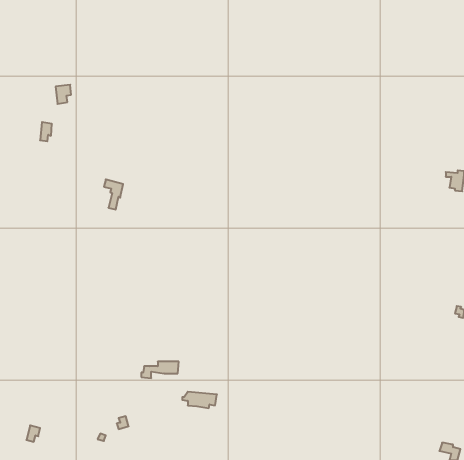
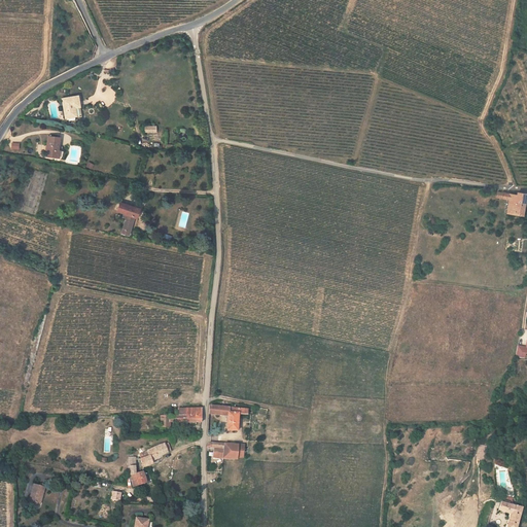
building: none -> [209,406,247,430]
building: none -> [138,442,170,466]

